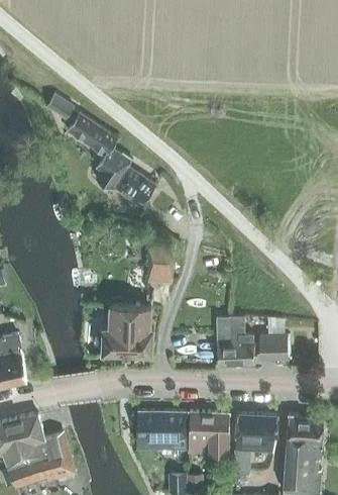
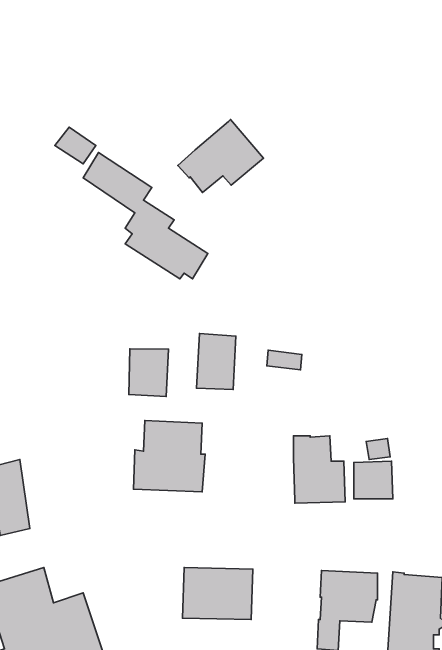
building: none -> [178,120,264,192]
building: none -> [129,349,169,397]
building: [188,411,229,453] -> none

